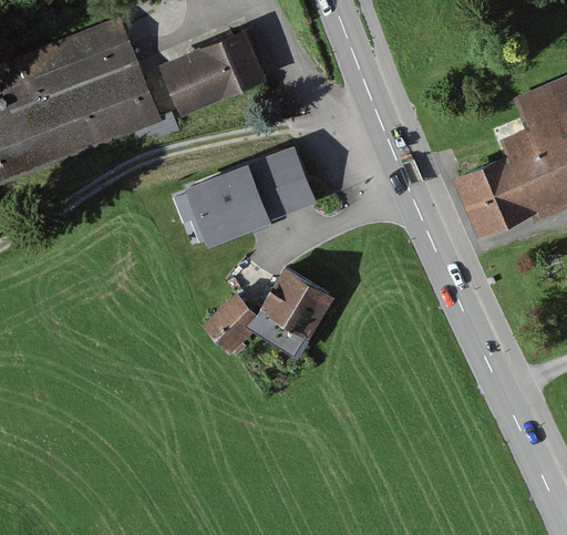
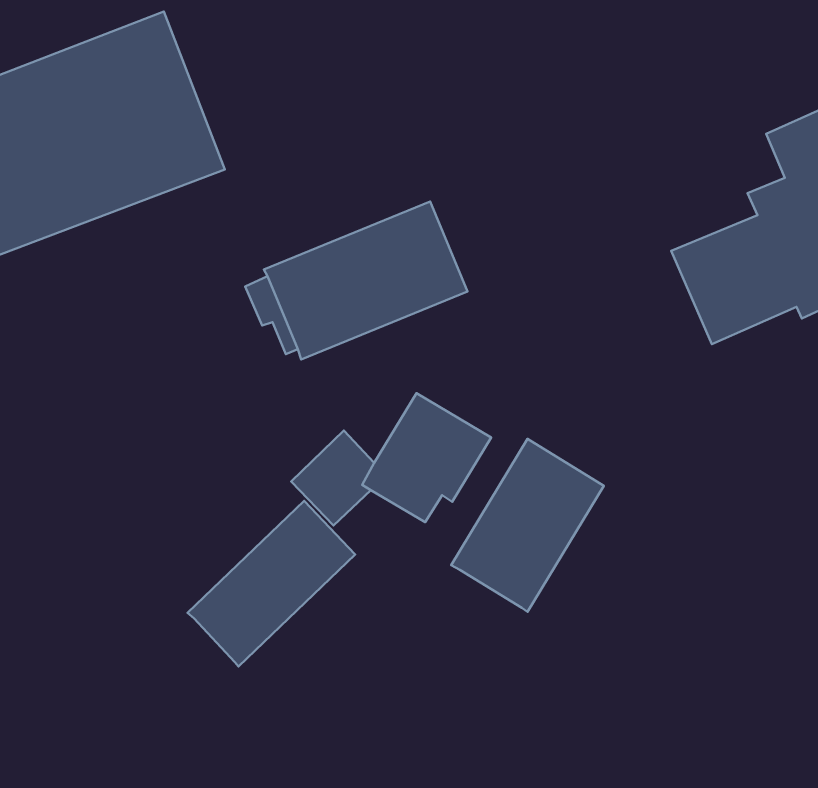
building: [159,28,268,114] -> none
building: none -> [451,439,604,612]
building: none -> [188,501,355,667]

